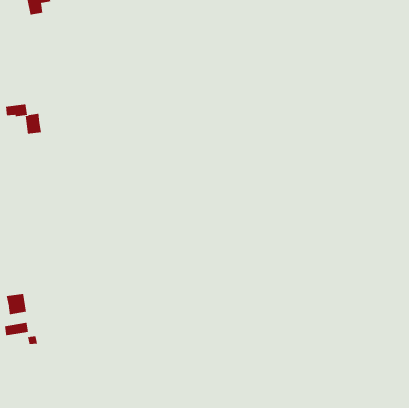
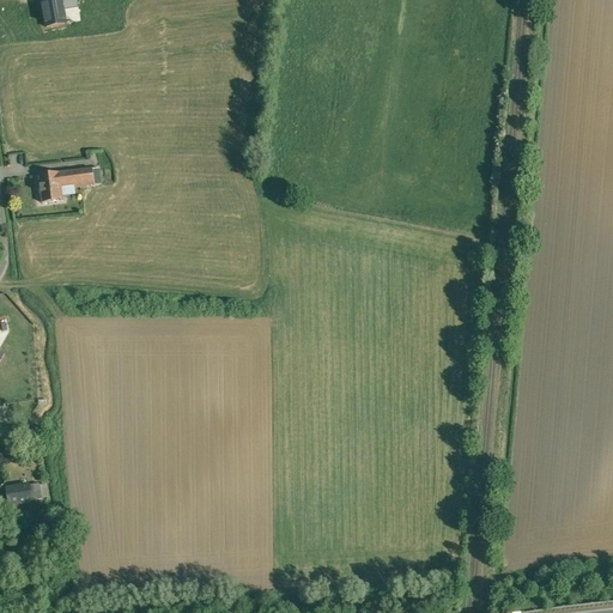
building: [5,104,28,117] -> [59,165,92,184]
building: [6,293,27,315] -> none

